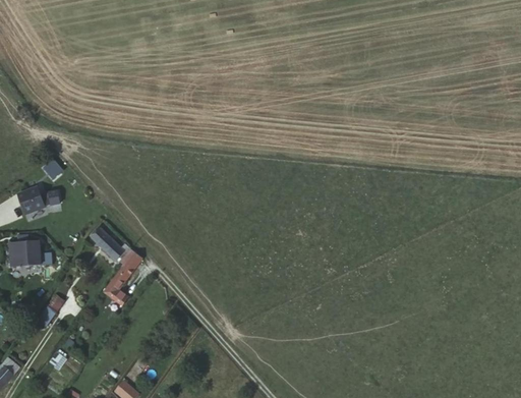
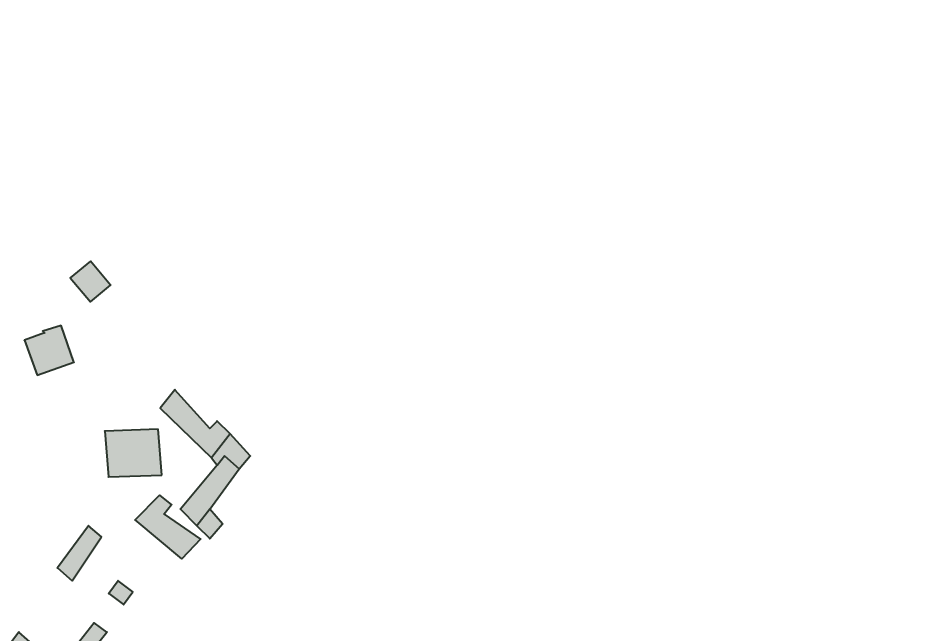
building: [10,239,42,266] -> [105,429,162,477]
building: none -> [135,495,201,559]

